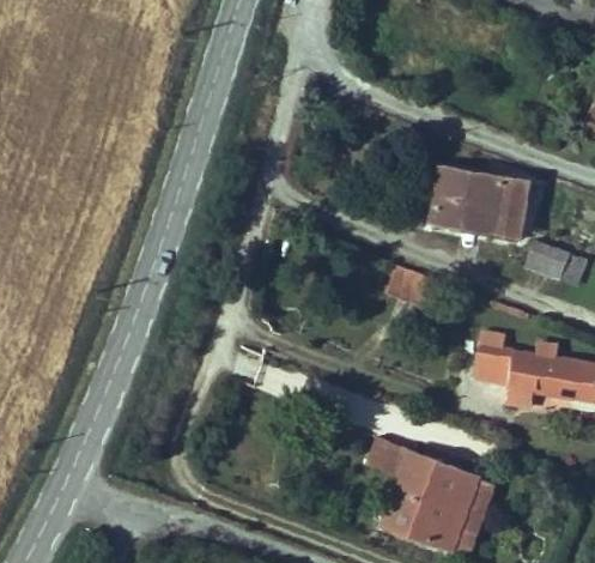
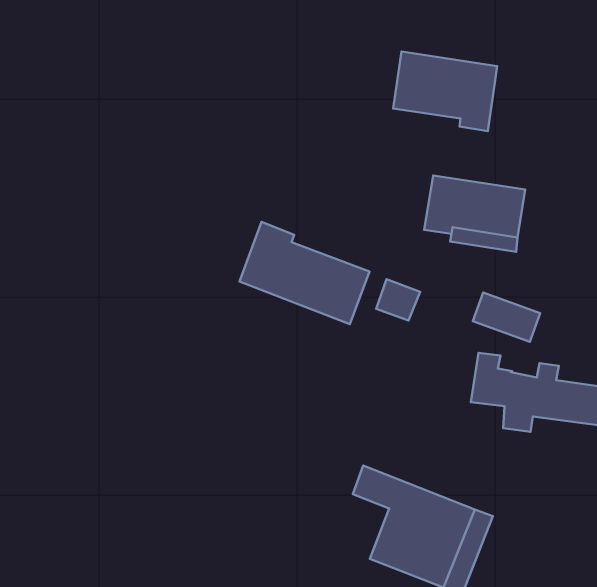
building: none -> [393,51,497,131]
building: none -> [239,222,370,324]
building: [524,240,587,285] -> [473,293,540,342]

